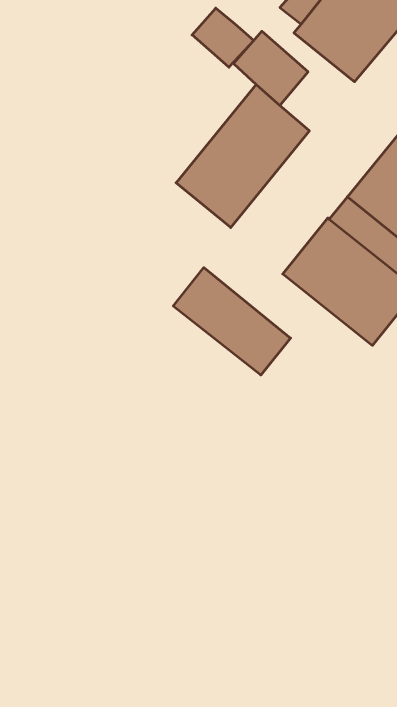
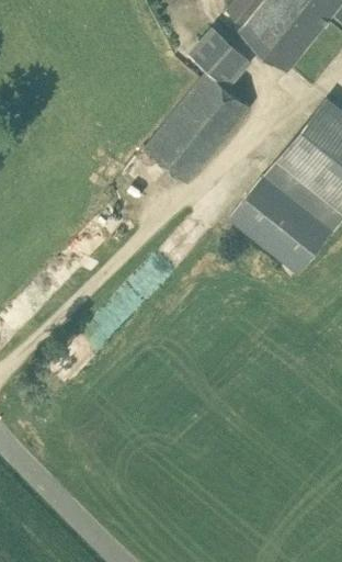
building: [192,8,254,67] -> none
building: [173,268,291,375] -> none

